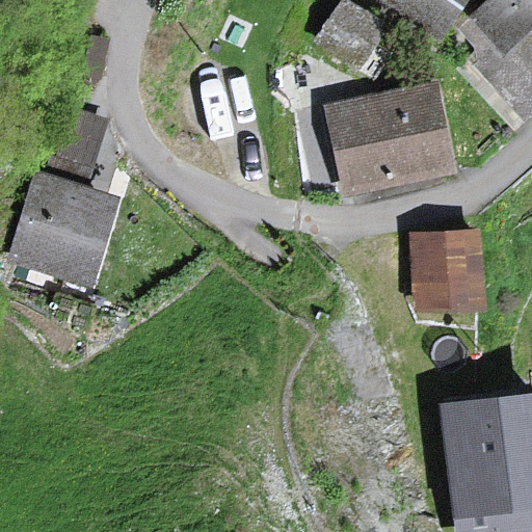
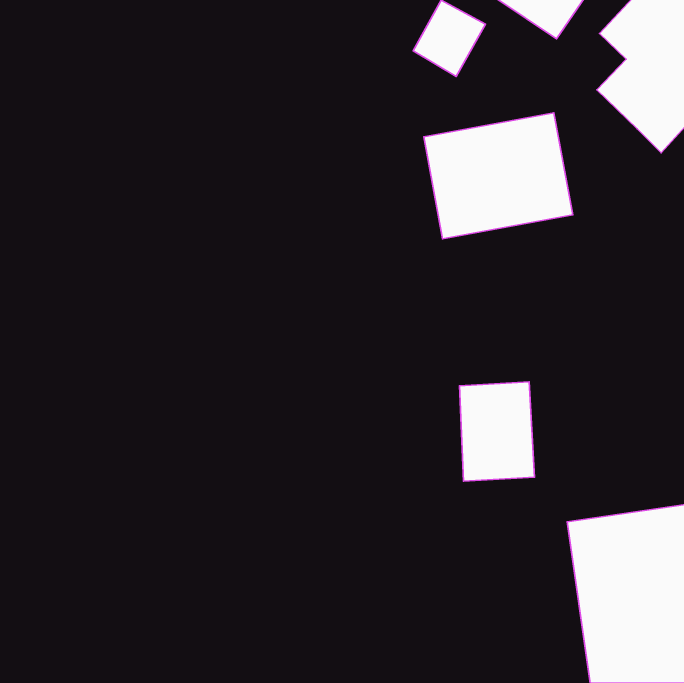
building: [14,109,109,277] -> none
building: [417,231,475,308] -> [460,382,535,481]

